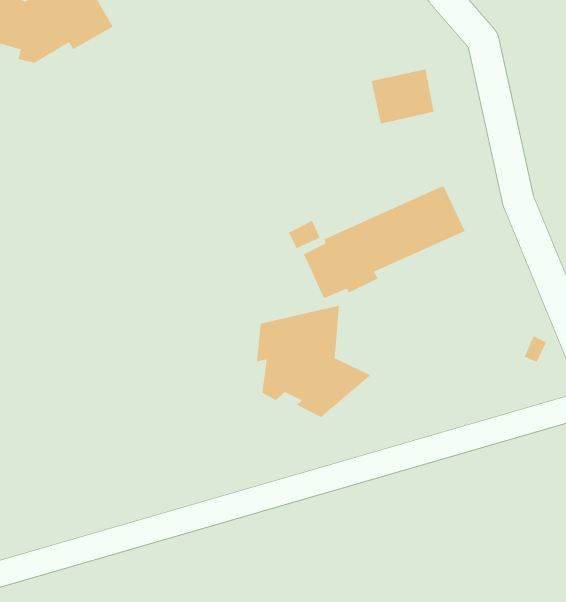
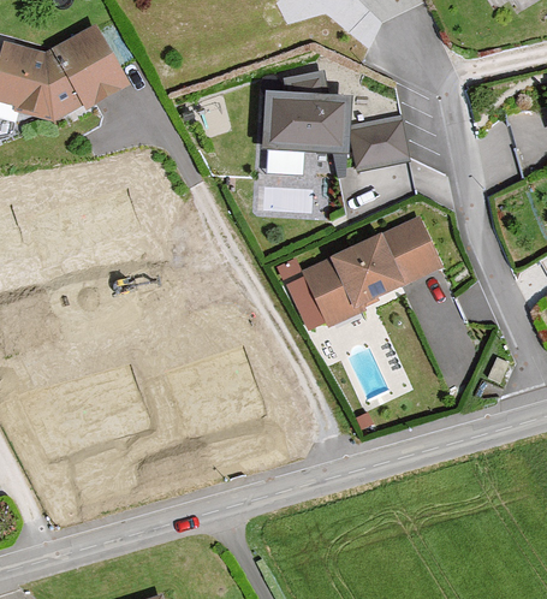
building: none -> [267,78,346,150]
building: [257,305,372,418] -> none

